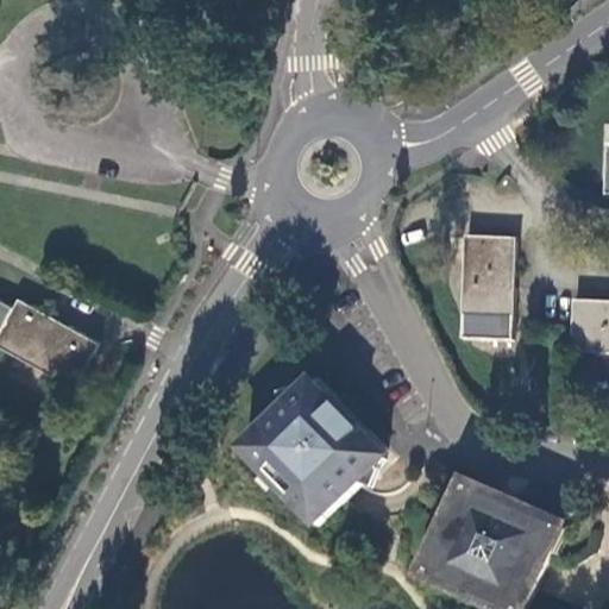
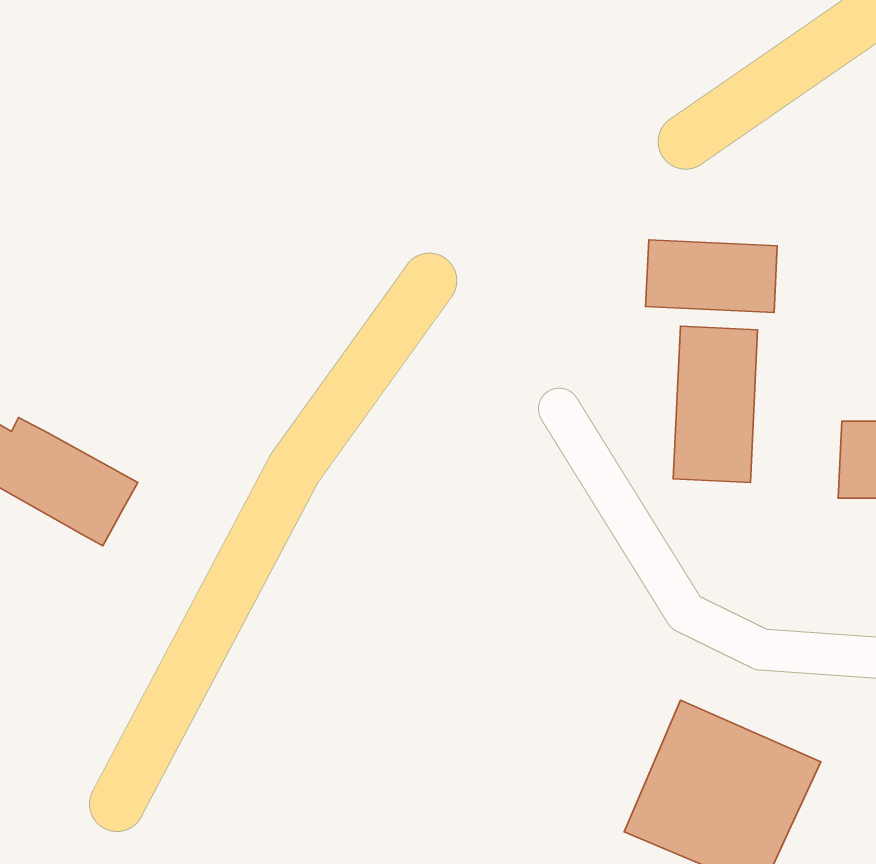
building: none -> [646,240,777,313]
building: [240,377,394,525] -> none

